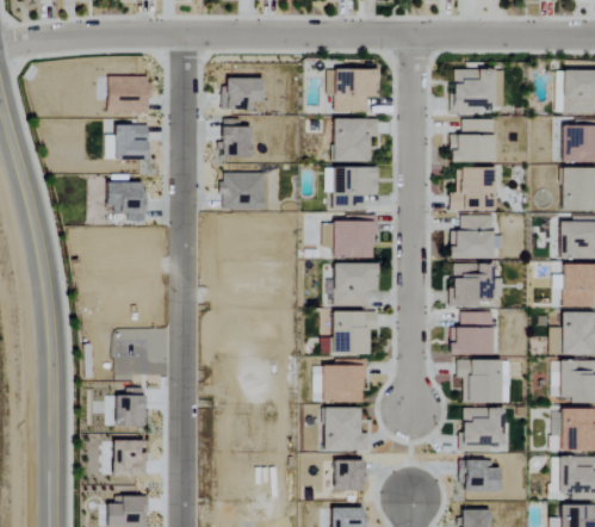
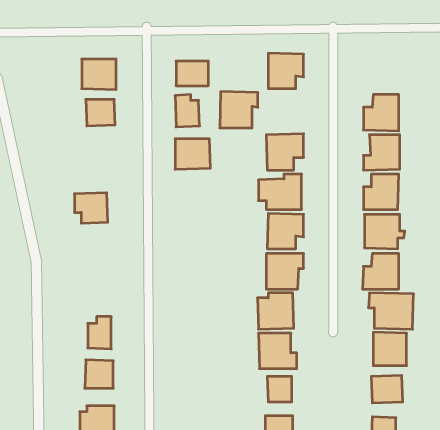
building: [453,68,504,110] -> none
building: [333,117,379,161] -> [220,92,258,128]
building: [106,181,147,218] -> [74,193,108,223]

